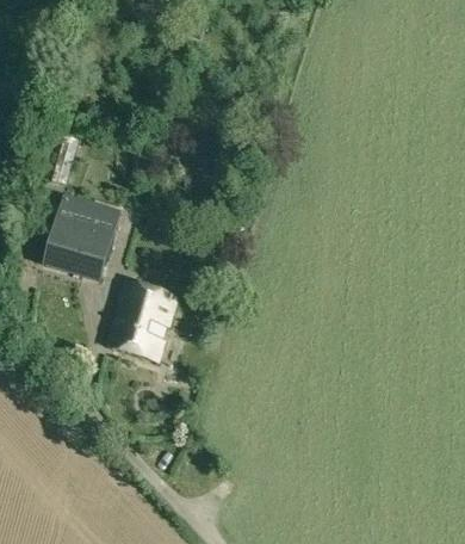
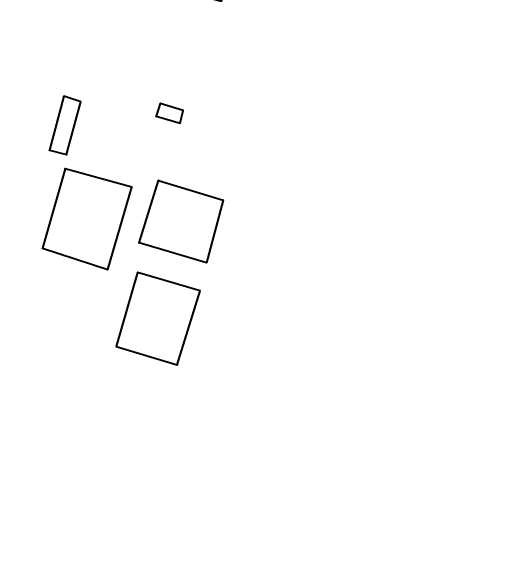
building: none -> [139,180,223,263]

